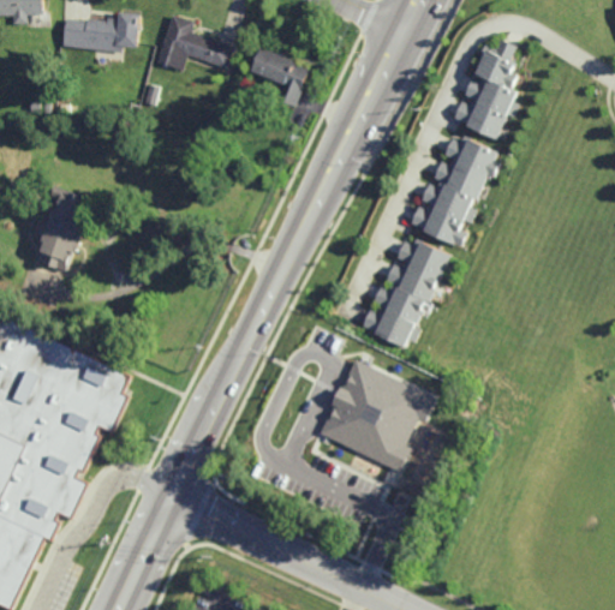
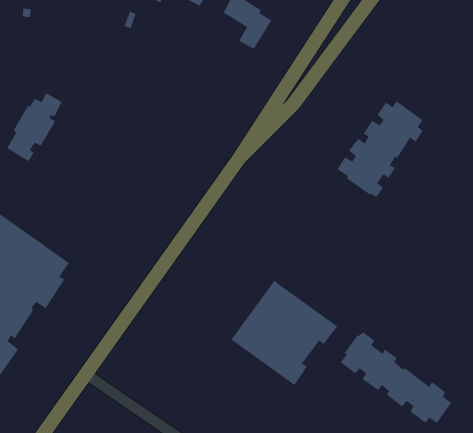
building: [450,38,517,140] -> none
building: [360,241,447,349] -> none
building: none -> [340,332,452,424]

